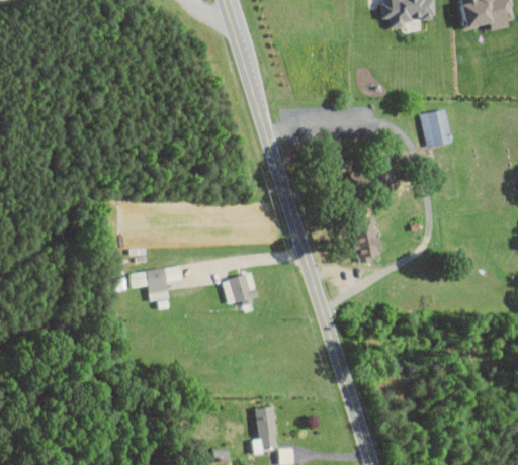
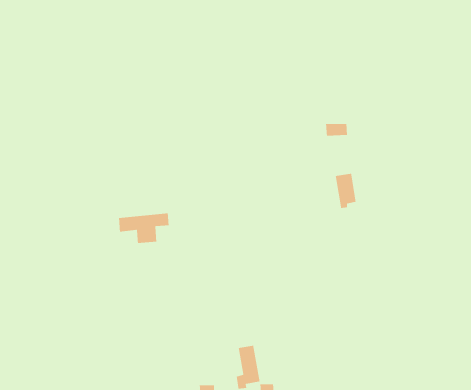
building: [419,109,452,149] -> none
building: [222,274,257,304] -> none

